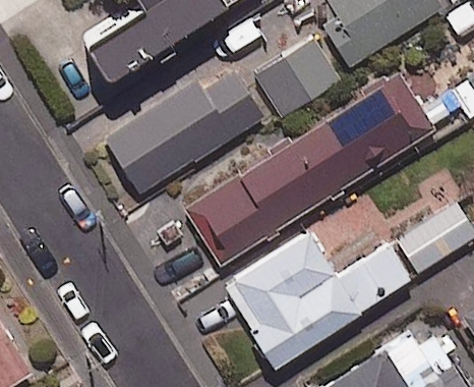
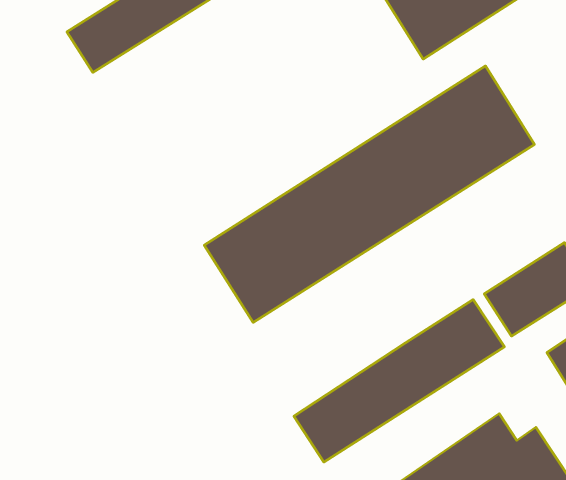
building: [251,33,339,116] -> none
building: [103,69,265,192] -> none
building: [225,233,338,334] -> none

